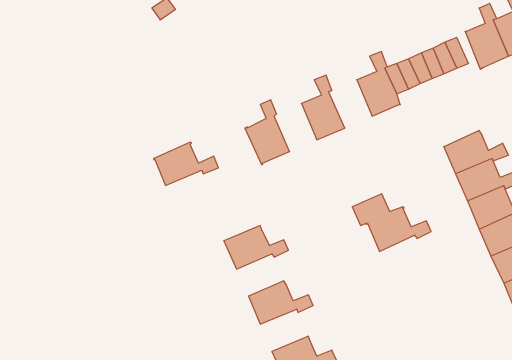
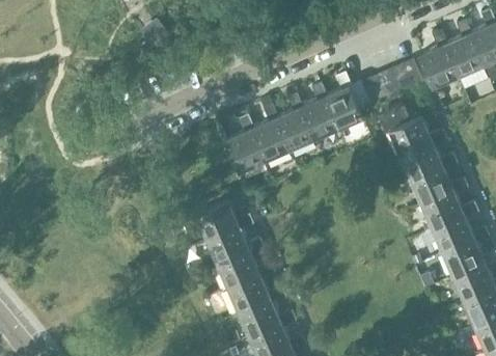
building: none -> [298,84,336,141]
building: none -> [250,105,287,162]
building: [154,142,218,185] -> [195,202,252,241]
building: [352,194,431,251] -> [376,107,445,158]
building: none -> [217,252,274,290]
building: none -> [238,301,295,338]

